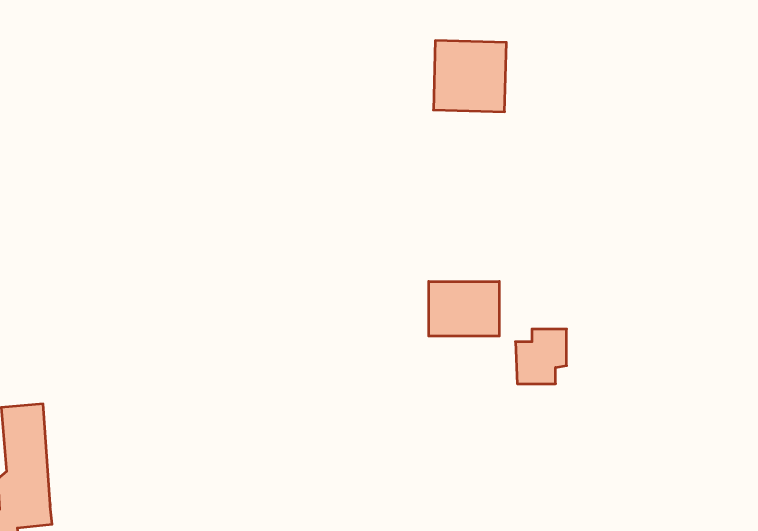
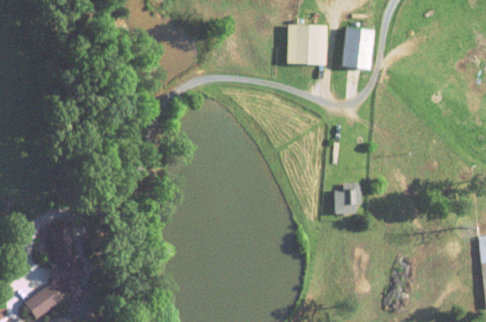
building: none -> [342,28,374,68]
building: [429,281,499,336] -> none

